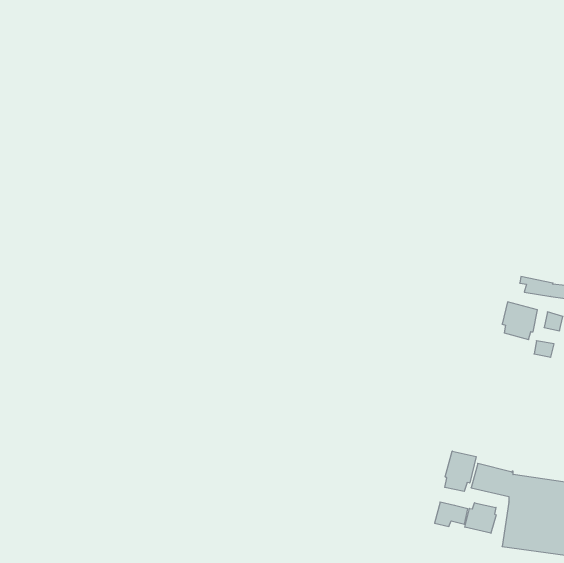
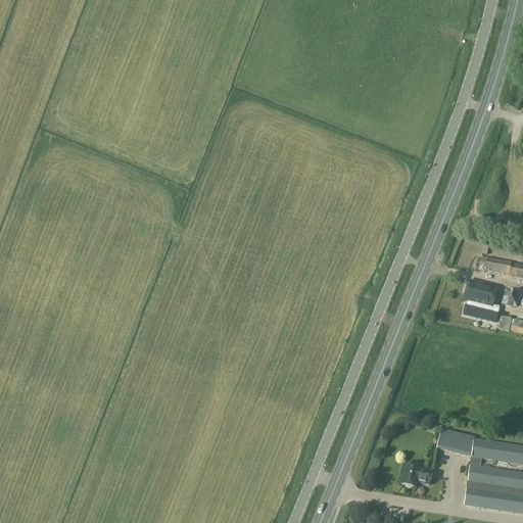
building: [445,451,476,491] -> none
building: [465,503,496,533] -> none

